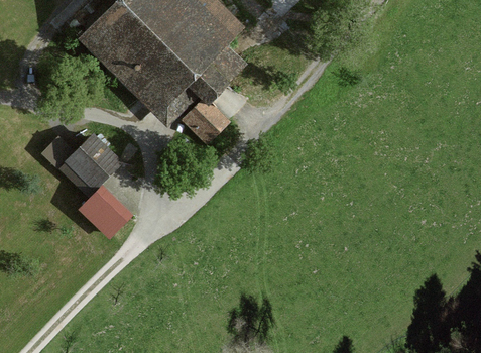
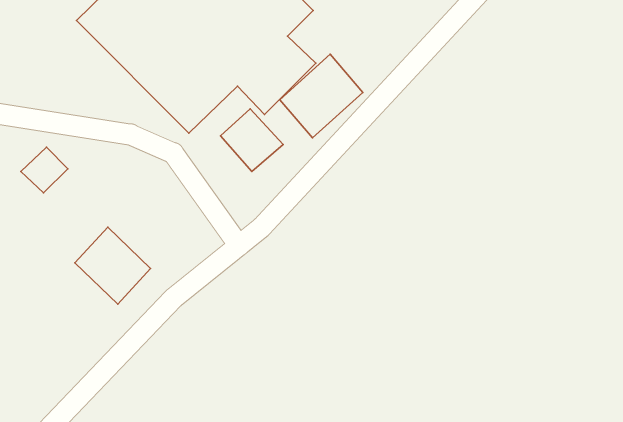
building: none -> [280,54,363,138]
building: [59,134,120,195] -> none

